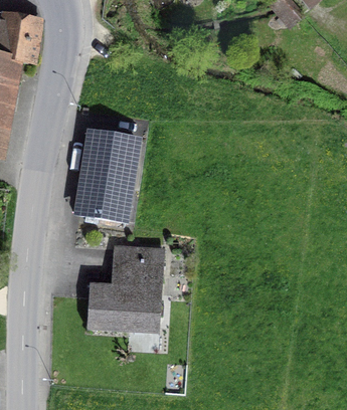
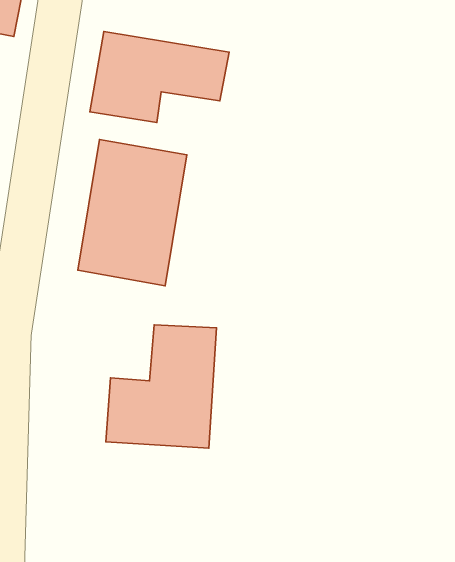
building: none -> [90,31,229,123]

